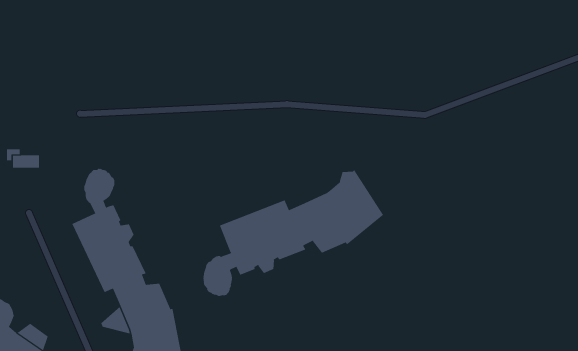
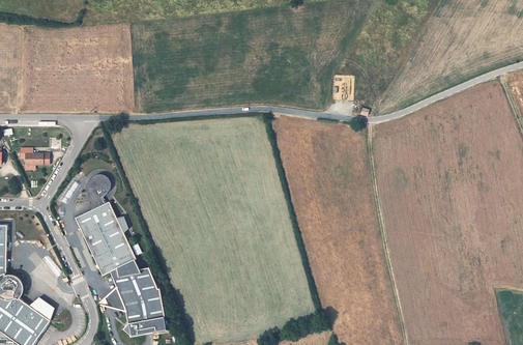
building: [203,169,384,297] -> none

